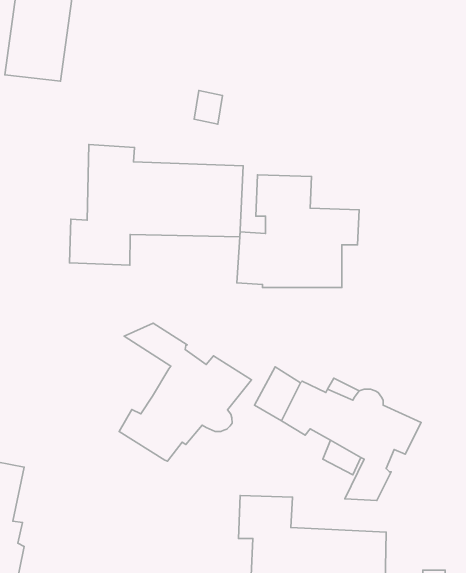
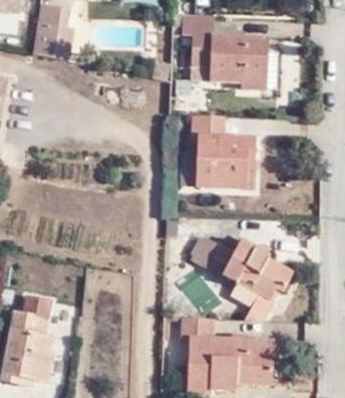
building: none -> [186,16,279,89]
building: [69,145,243,265] -> none
building: [119,323,251,461] -> none

